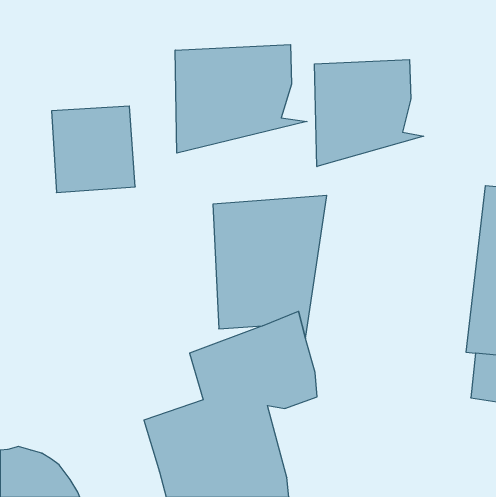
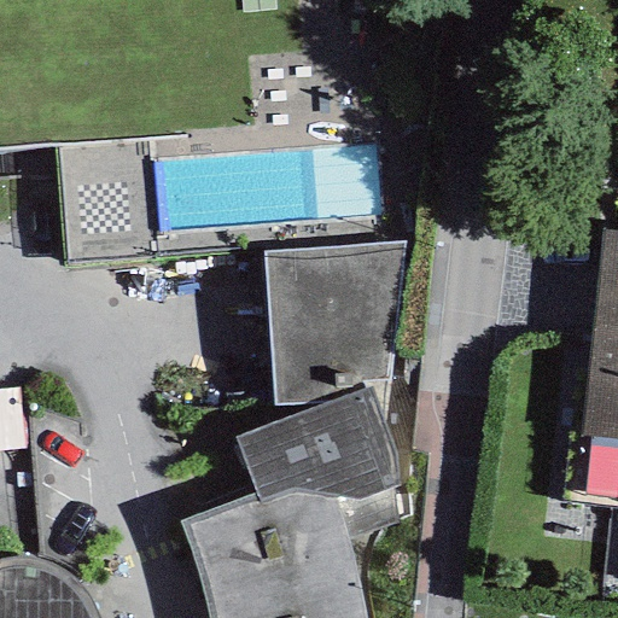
building: [175,45,307,153] -> none
building: [315,60,424,167] -> none

